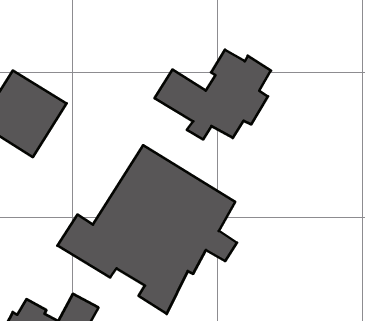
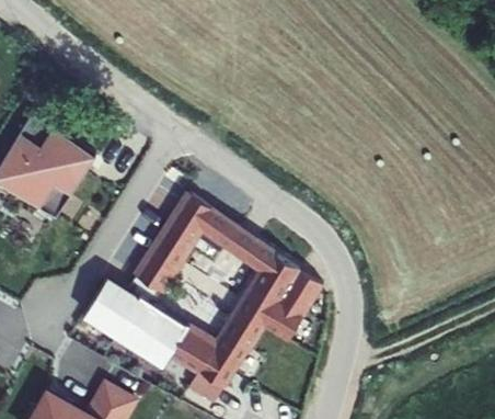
building: [155,50,271,139] -> none
building: none -> [278,268,322,317]

